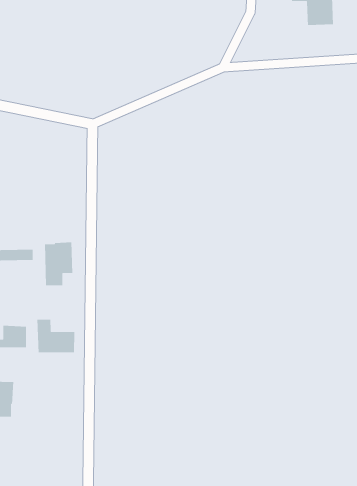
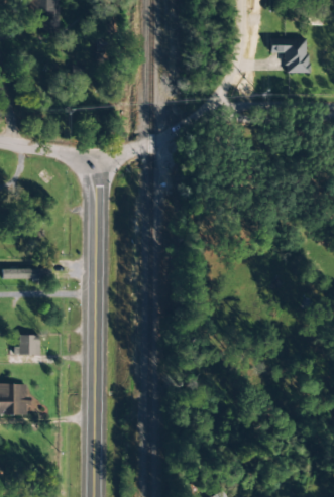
building: [44,241,73,286] -> none
building: [37,319,75,353] -> none

